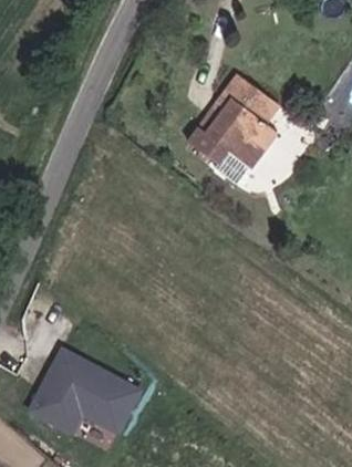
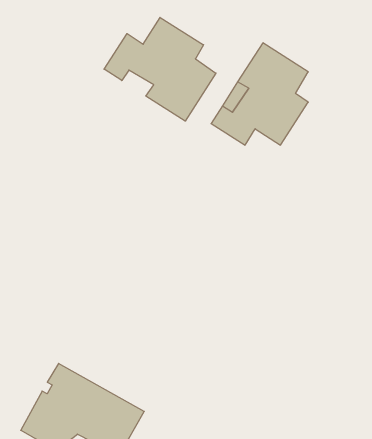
building: none -> [104,17,216,121]

